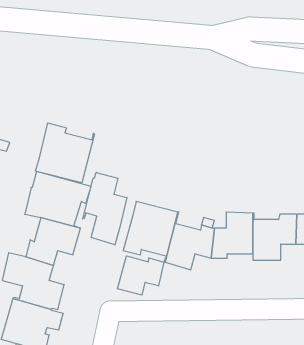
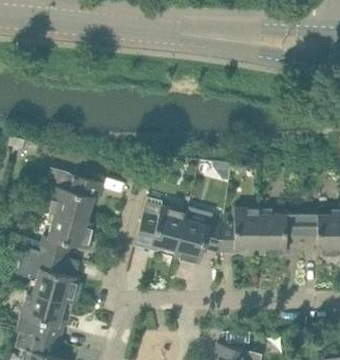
building: [36,123,94,183] -> none
building: [83,172,127,245] -> none
building: [118,256,164,295] -> none

